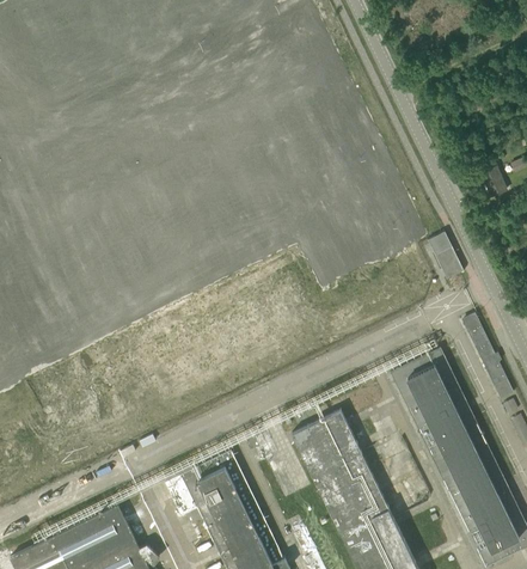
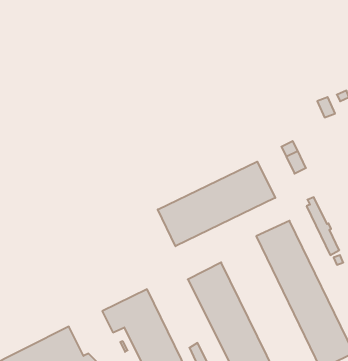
building: none -> [158,162,275,246]

